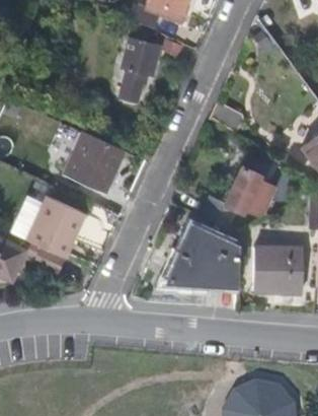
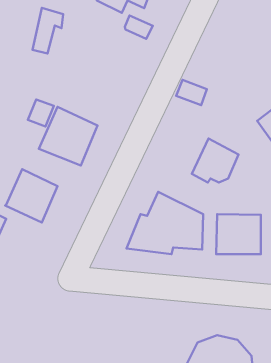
building: [124,51,157,100] -> [32,8,63,53]

